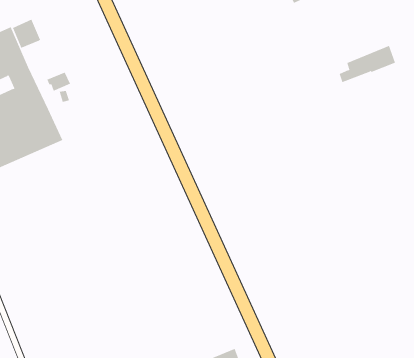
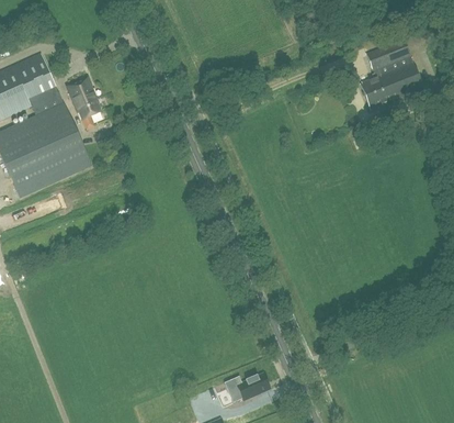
building: none -> [360,38,417,100]
building: [12,19,41,49] -> [67,76,95,105]

